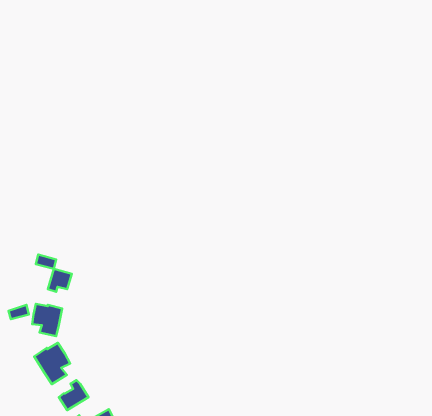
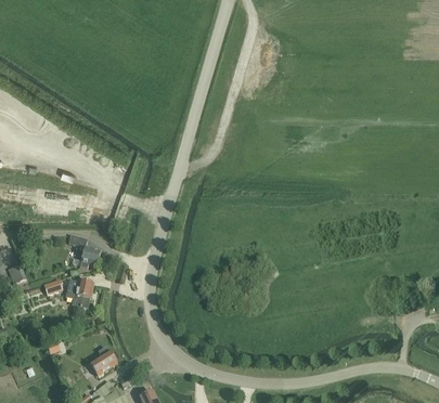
building: [34,343,70,384] -> none

